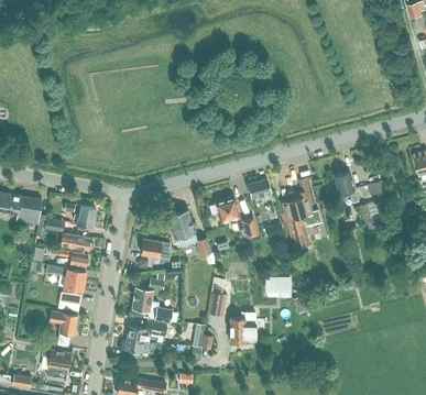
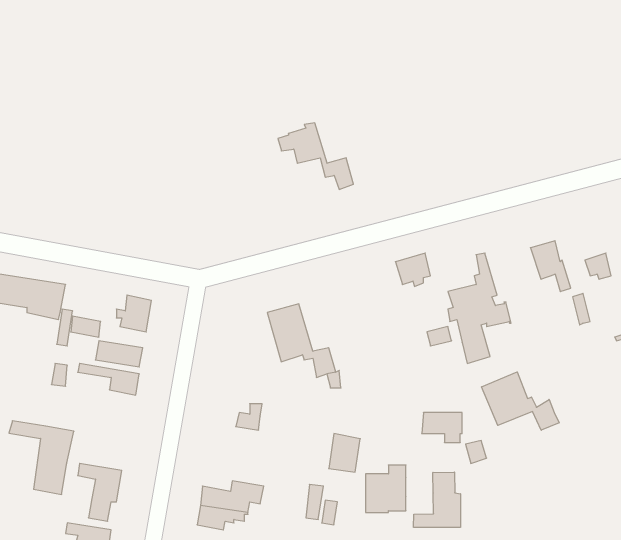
building: [209,197,256,239] -> [278,123,353,189]
building: [141,239,170,259] -> none
building: none -> [482,372,559,430]
building: [45,265,86,311] -> [9,421,74,494]
building: [131,288,177,323] -> none
building: none -> [414,472,460,527]

